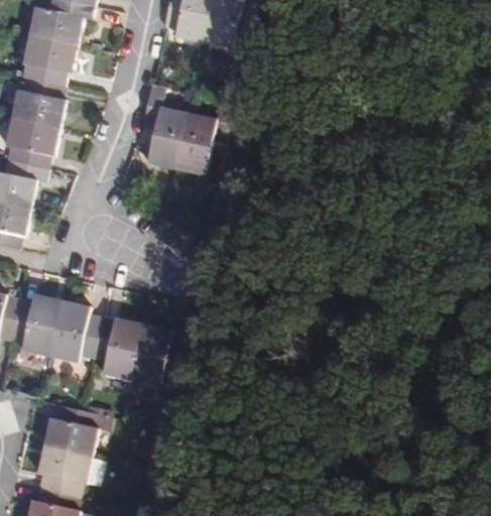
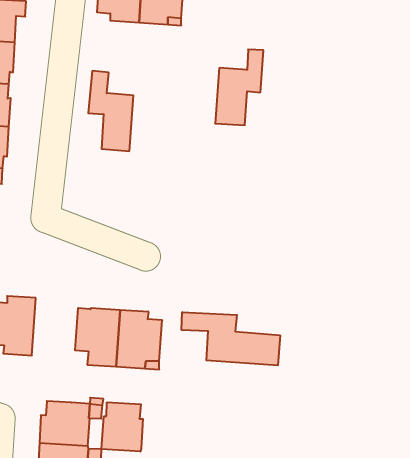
building: [174,100,233,174] -> [215,49,263,125]
building: [48,300,101,363] -> none
building: none -> [182,312,280,365]
building: none -> [102,402,143,452]

